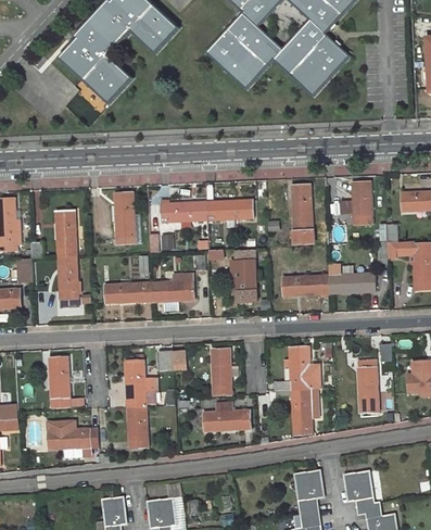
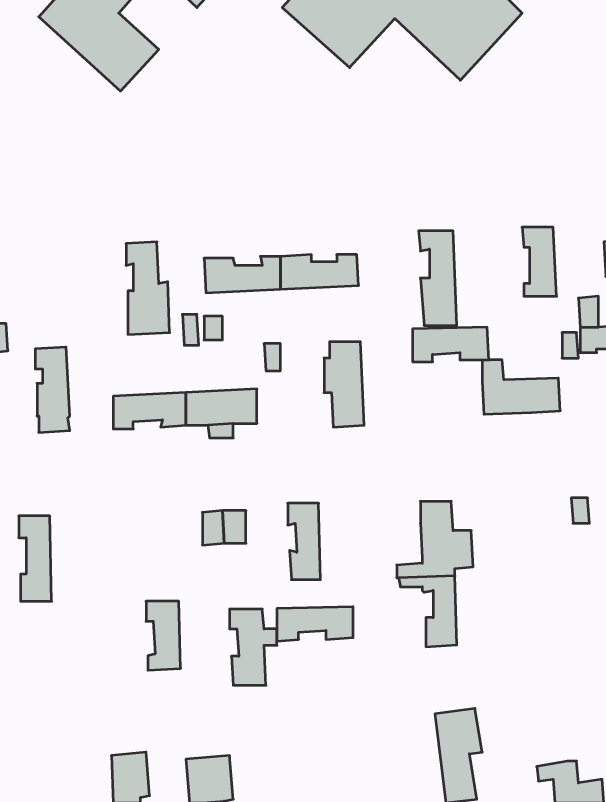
building: [56,210,77,256] -> none
building: [281,276,327,296] -> [413,327,489,362]
building: [355,361,376,413] -> none
building: [123,362,151,407] -> [230,609,277,685]
building: [46,420,97,456] -> none
building: [346,470,377,506] -> none

